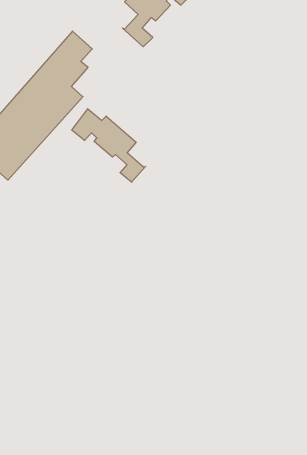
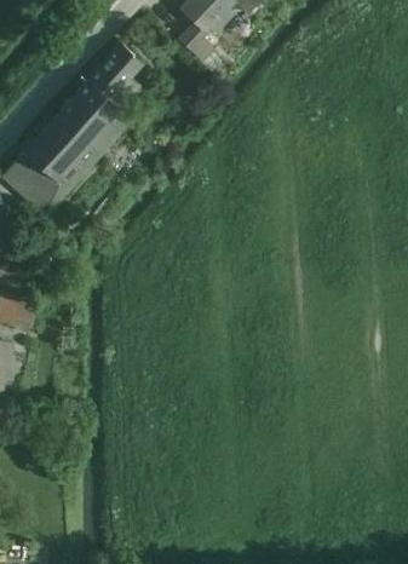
building: [72,109,146,182] -> none

